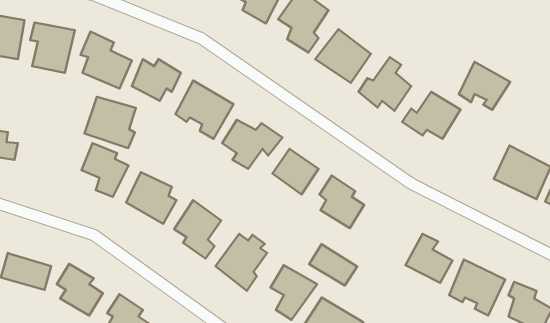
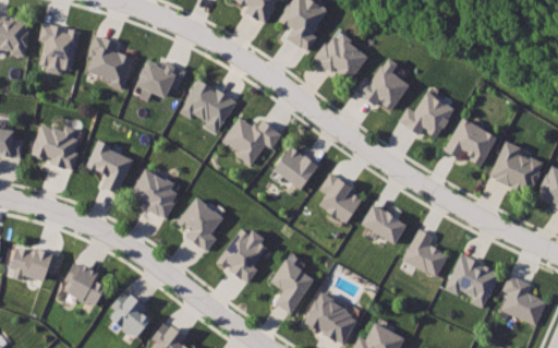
building: [459,62,510,110] -> [447,118,497,165]
building: [84,97,136,148] -> [32,121,82,171]
building: [309,244,357,286] -> [362,204,409,244]

